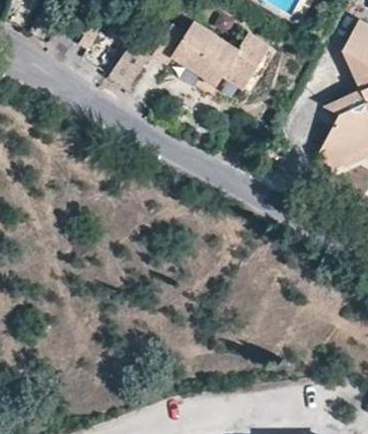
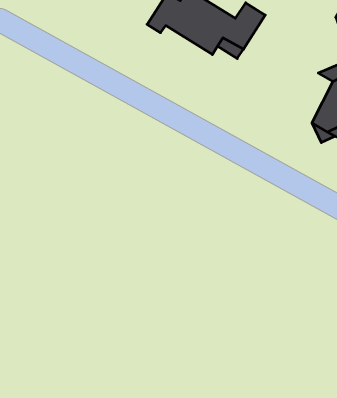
building: [108,45,148,90] -> none

